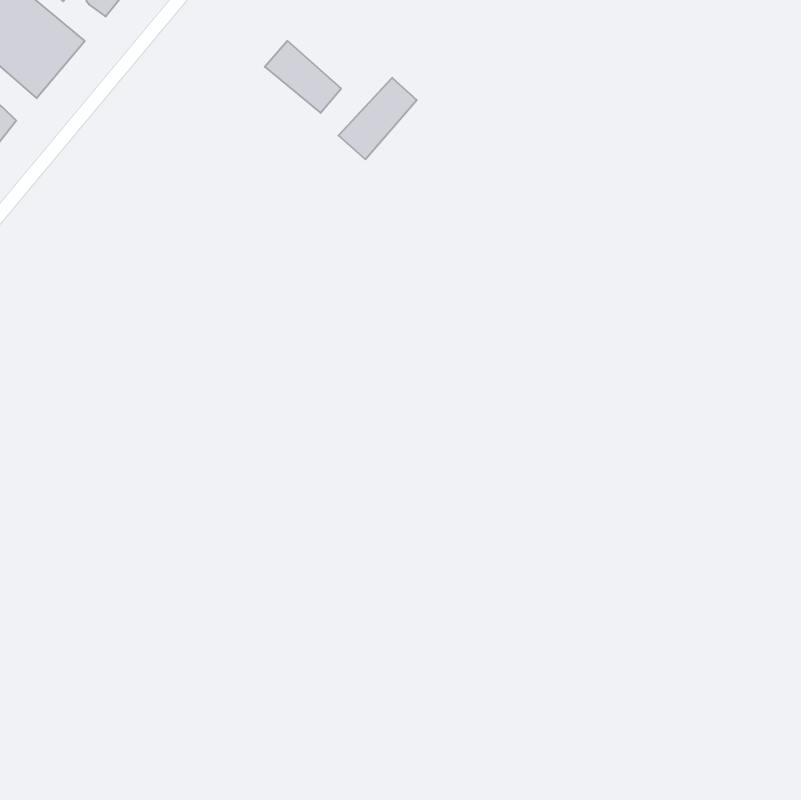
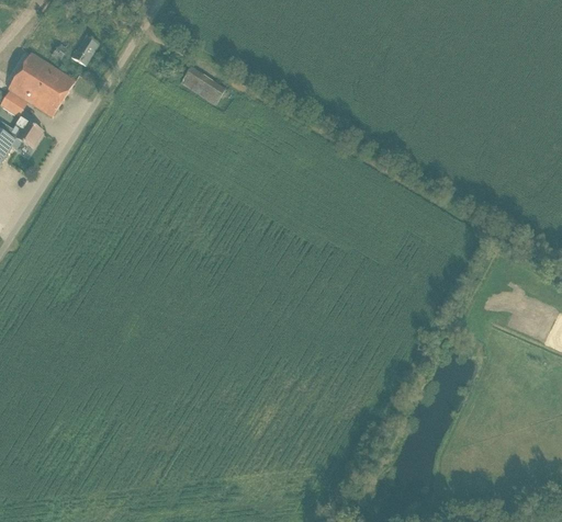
building: [338,78,417,159] -> none

